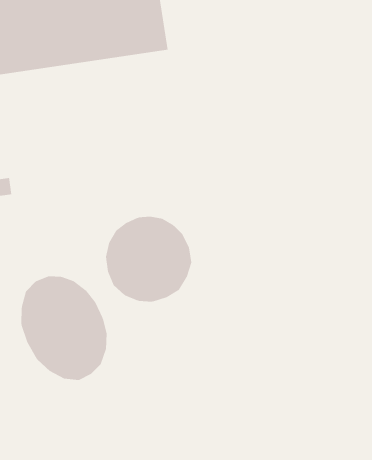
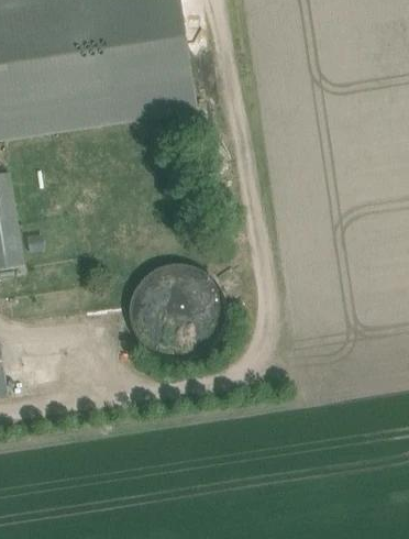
building: [21,276,107,381] -> none

